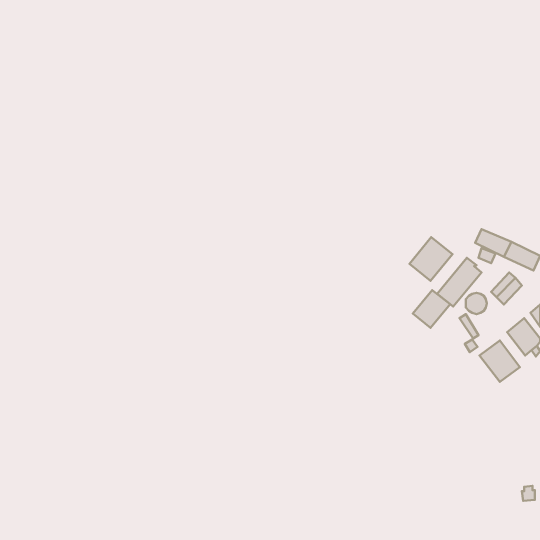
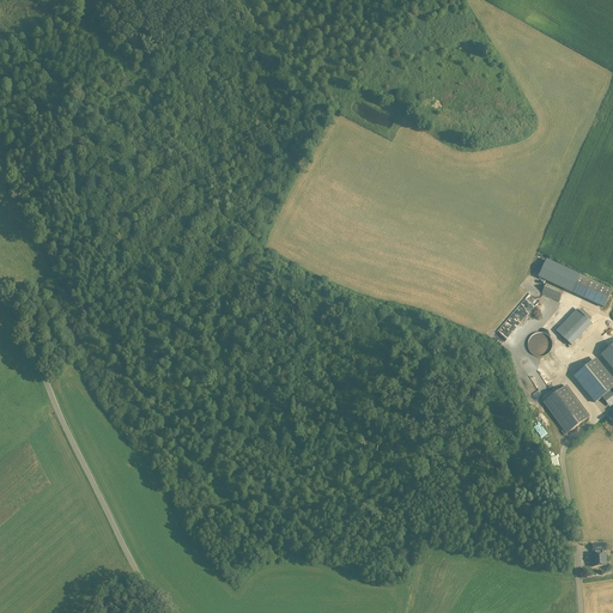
building: [409,237,452,281] -> none
building: [413,290,450,328] -> none

